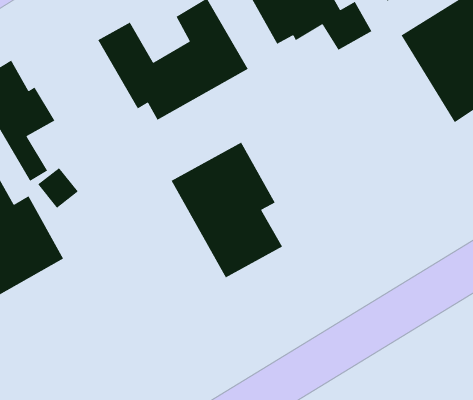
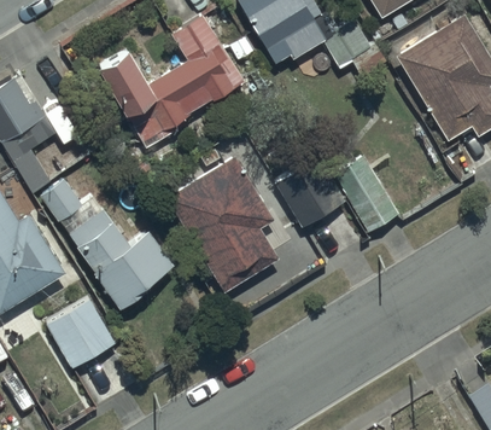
building: none -> [334,156,398,231]
building: none -> [274,157,344,228]
building: none -> [68,211,176,308]
building: none -> [48,301,113,366]

